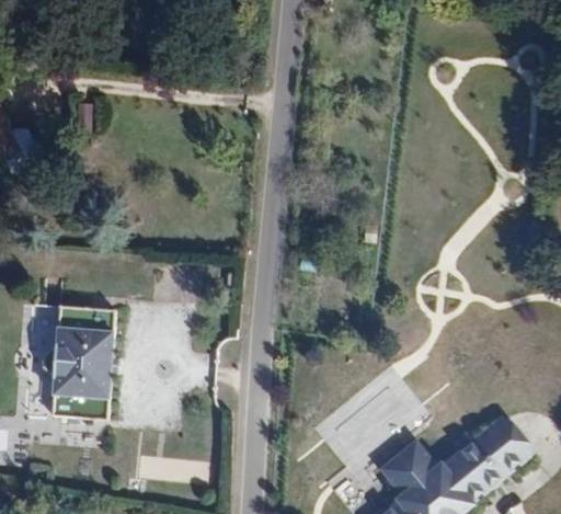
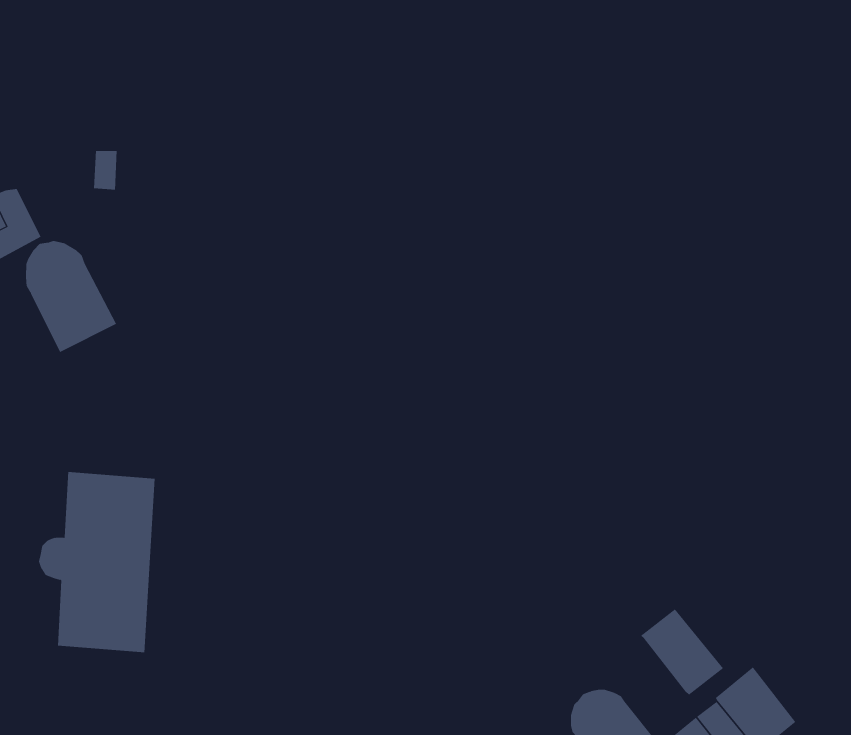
building: none -> [25,240,117,353]
building: none -> [640,608,724,696]

